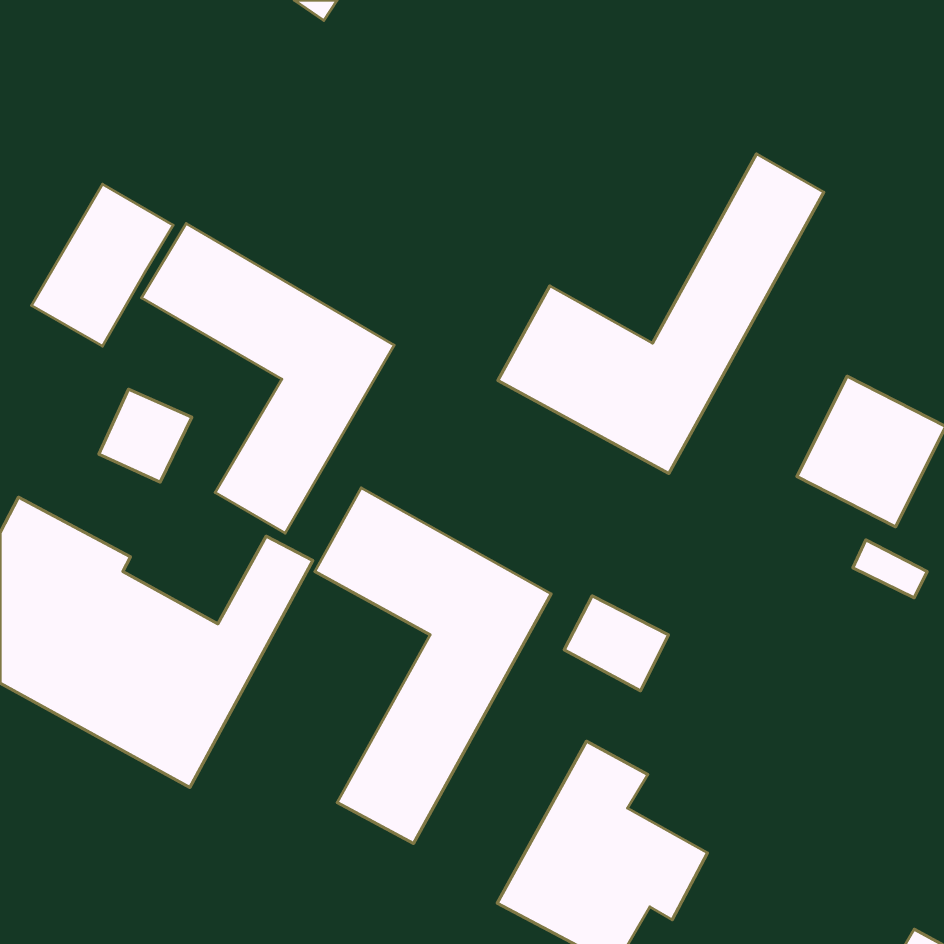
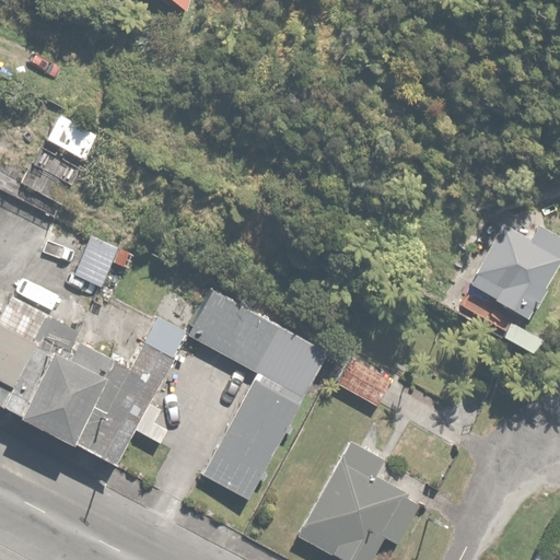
building: [498,154,824,473] -> none
building: [142,223,394,533] -> none

